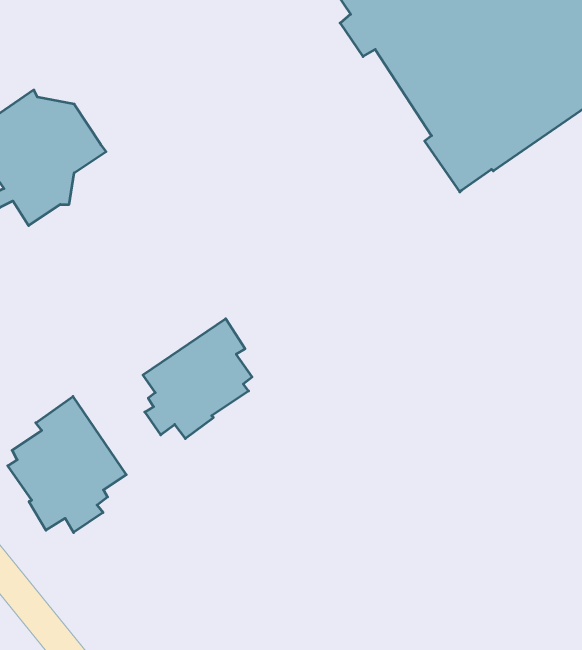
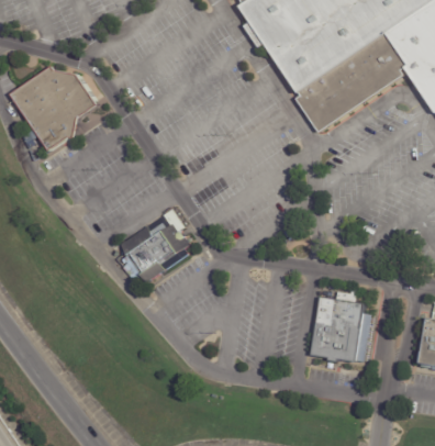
building: [8,396,126,533] -> none
building: none -> [312,299,365,364]

